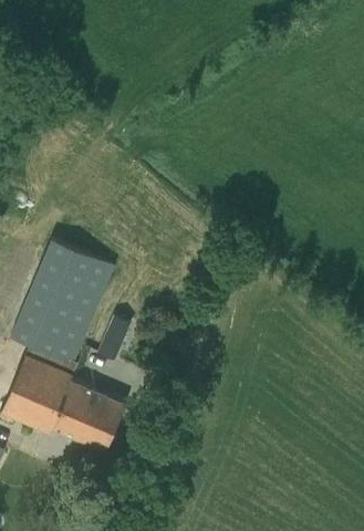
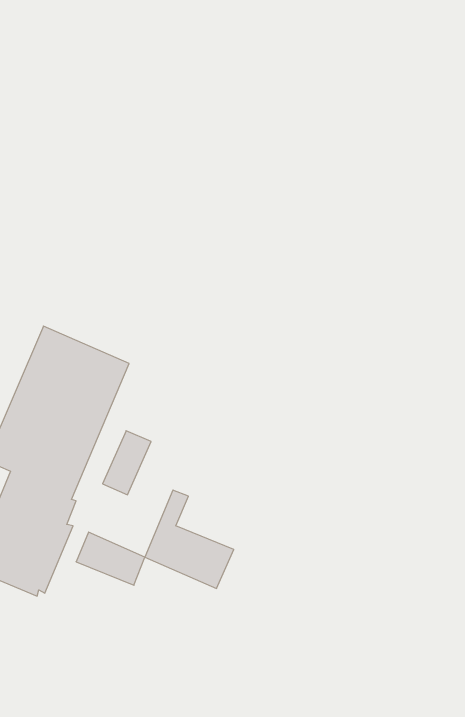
building: [54,383,117,452] -> [145,490,234,588]

